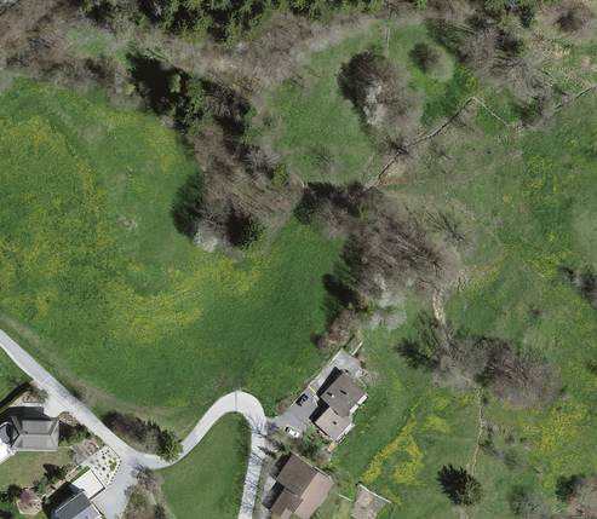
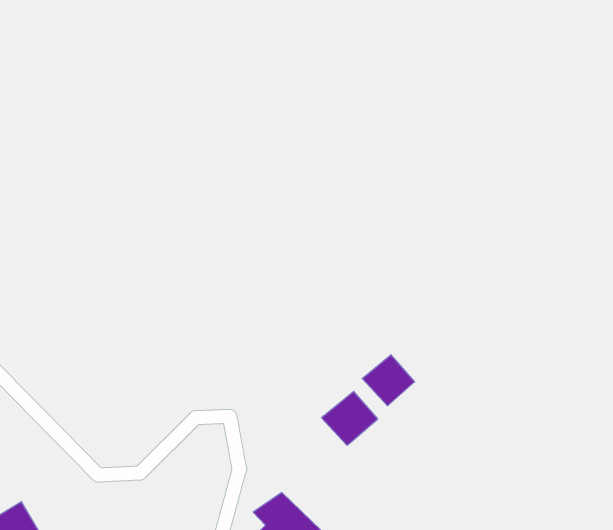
building: none -> [362,355,415,406]
building: [316,406,354,440] -> none

